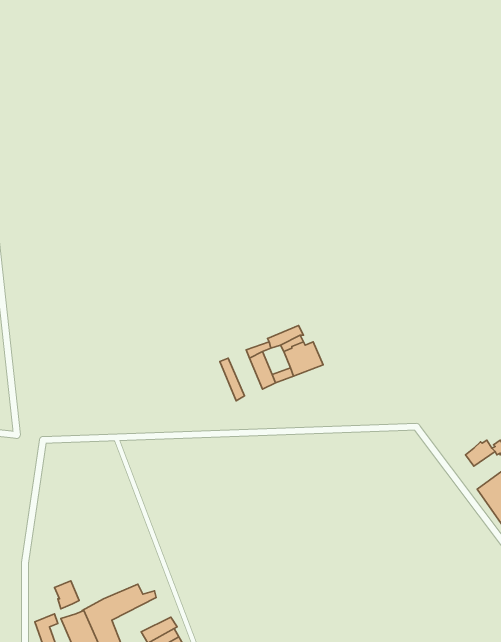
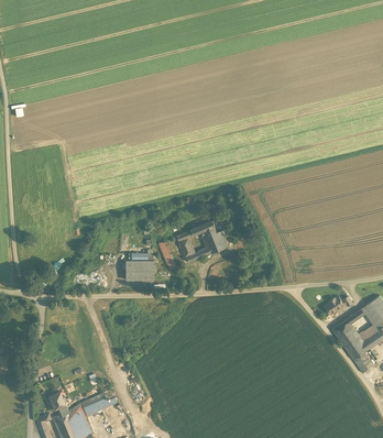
building: none -> [124,260,152,280]

